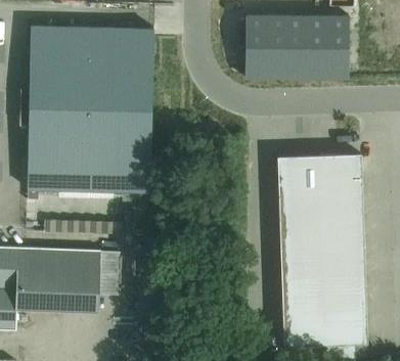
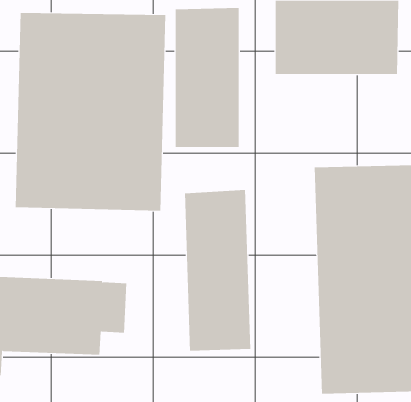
building: none -> [175,7,239,148]
building: none -> [185,189,251,351]

